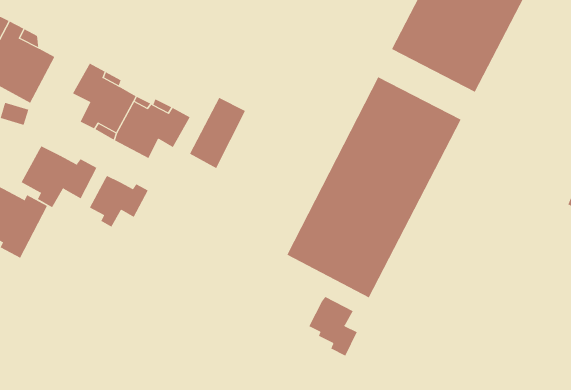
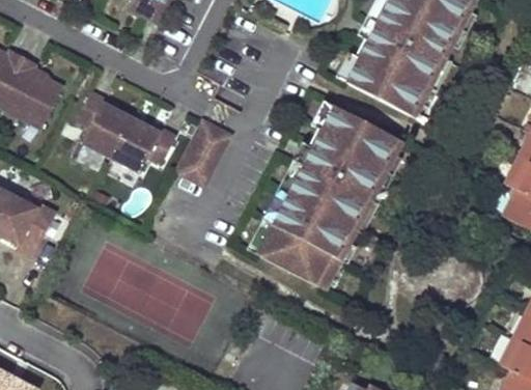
building: [21,145,97,208] -> none
building: [89,175,148,228] -> none
building: [309,296,358,357] -> none

